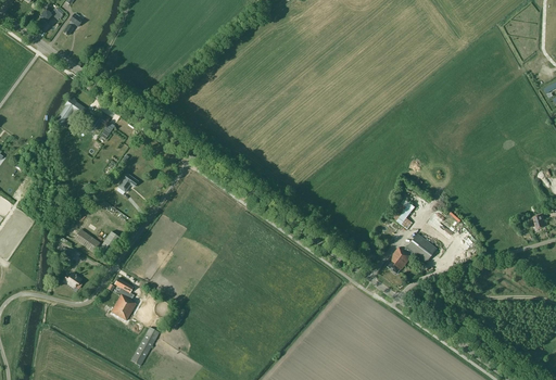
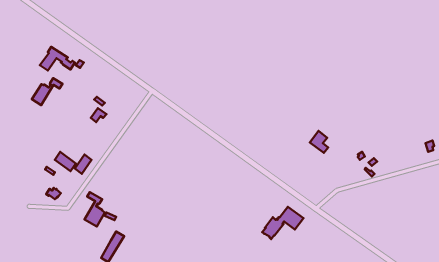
building: none -> [32,78,62,105]
building: [386,233,437,274] -> [262,207,303,239]

